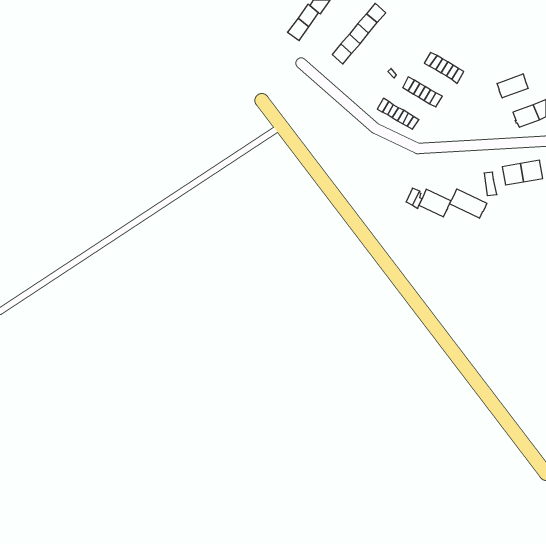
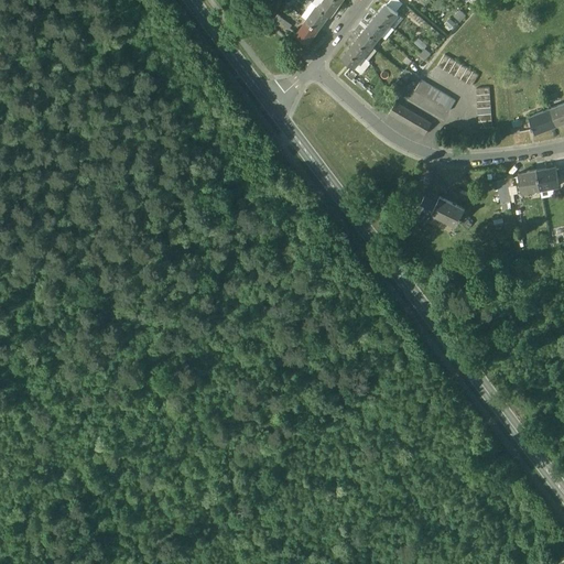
building: [497,74,528,98] -> none
building: [449,189,487,218] -> none

